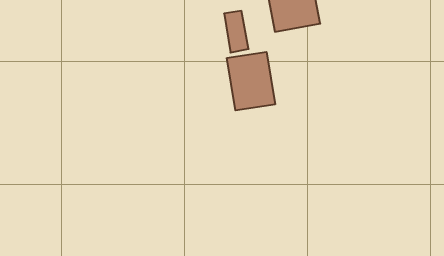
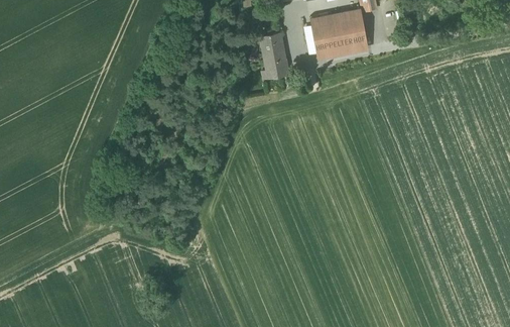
building: [227,52,275,110] -> none

